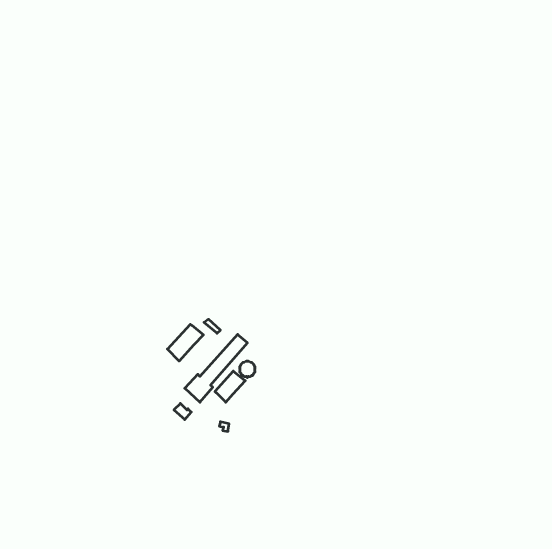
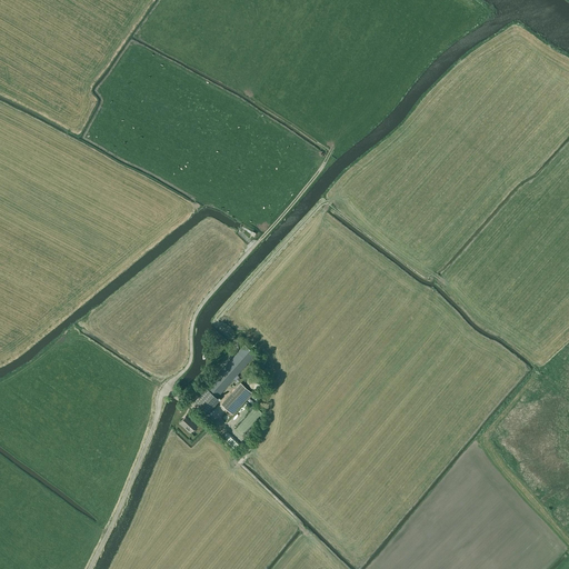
building: [167,324,203,361] -> none

